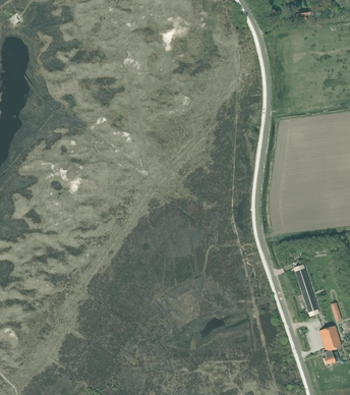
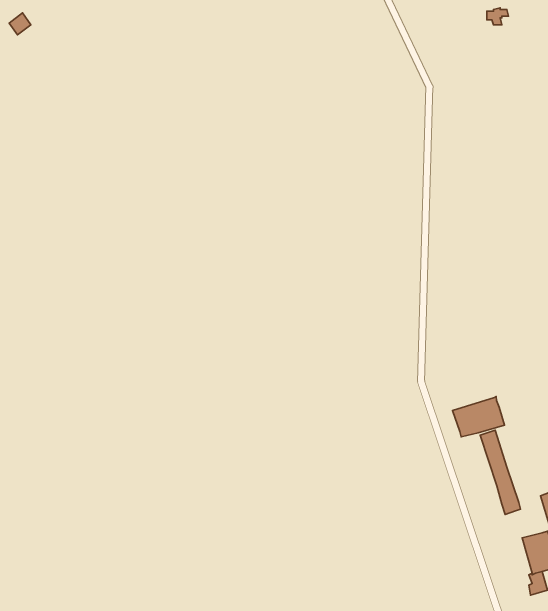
building: none -> [452,396,504,437]

